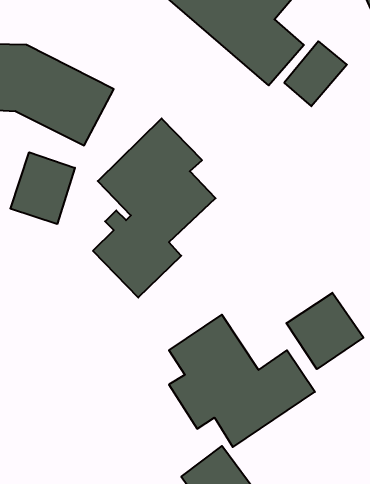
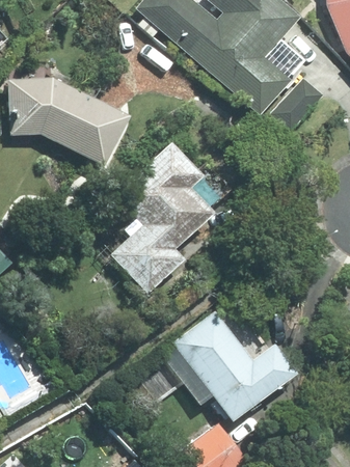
building: [10,152,75,224] -> none
building: [286,293,363,369] -> none

